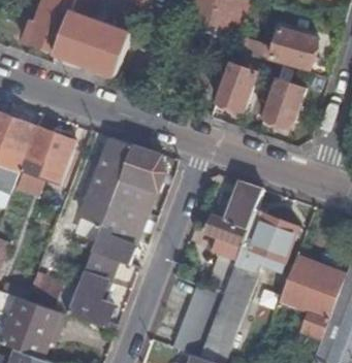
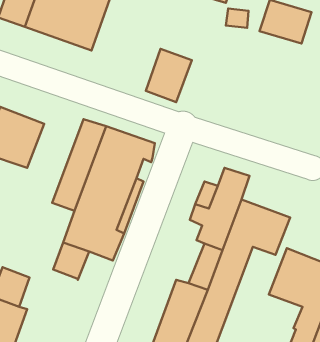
building: [215,61,257,109] -> [146,49,192,102]
building: [262,78,303,127] -> none
building: [65,274,110,327] -> none

